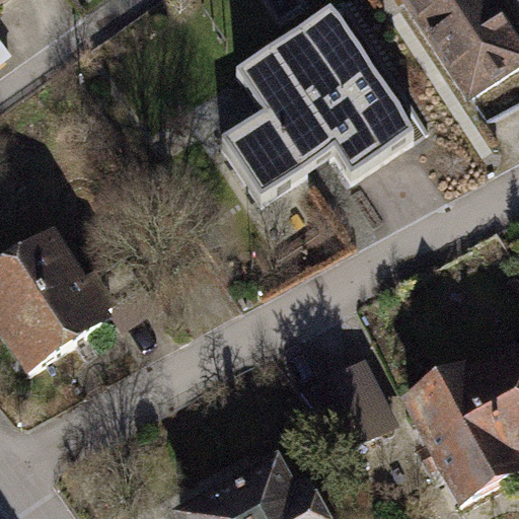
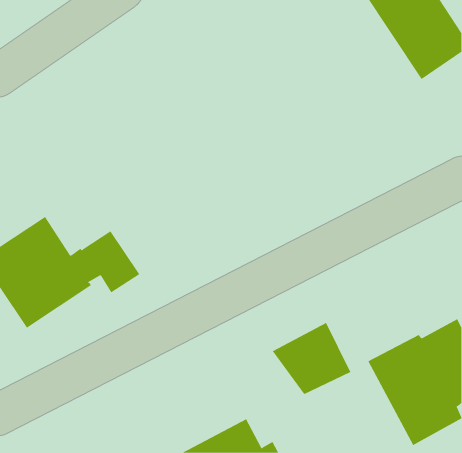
building: [221,7,414,197] -> none

